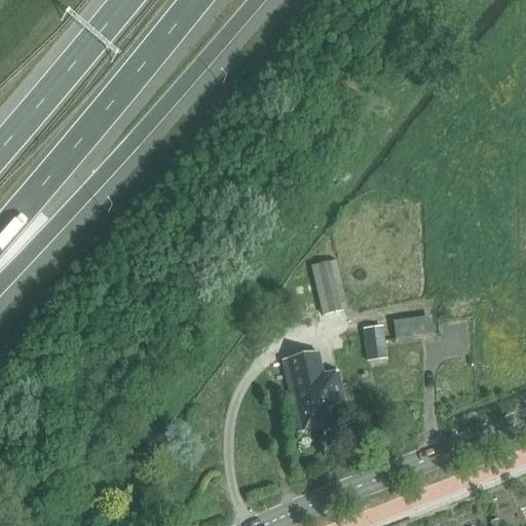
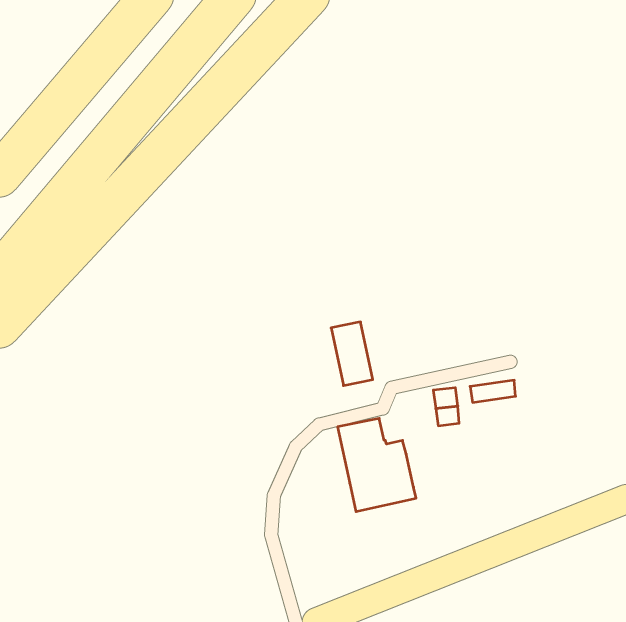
building: [311,258,346,311] -> [331,322,373,386]

